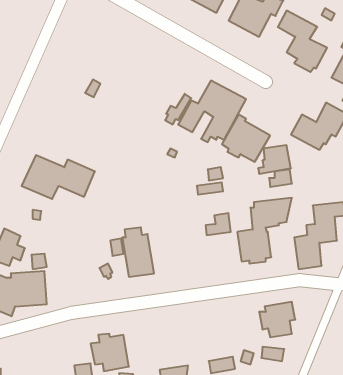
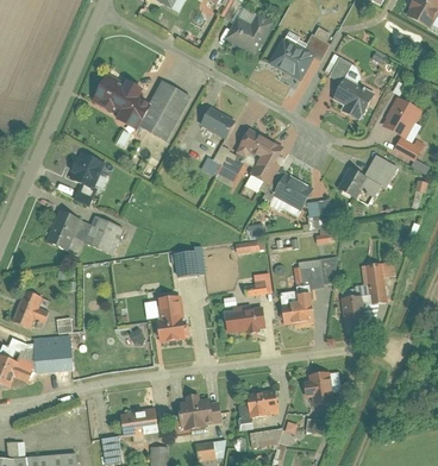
building: none -> [92,74,194,143]
building: none -> [195,106,232,139]
building: none -> [69,151,105,206]
building: none -> [170,245,206,277]
building: none -> [220,295,265,334]
building: none -> [234,386,277,430]
building: none -> [177,393,224,434]

